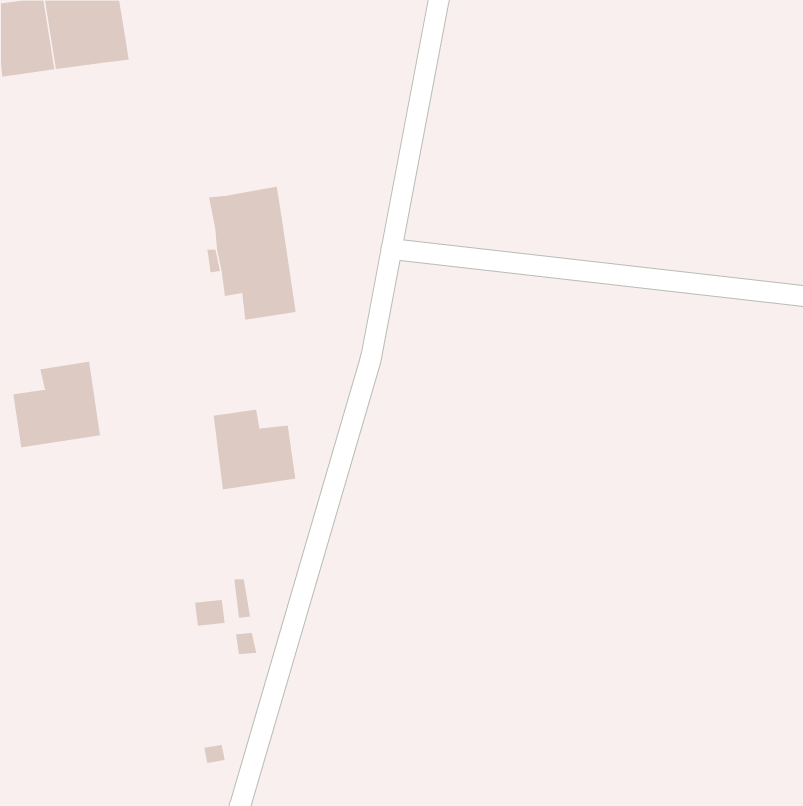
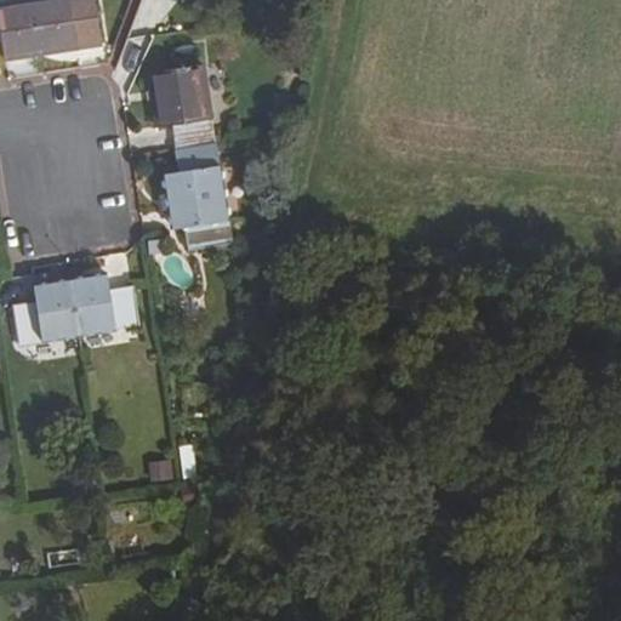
building: none -> [152,65,216,150]
building: [213,409,296,490] -> [73,273,137,335]

